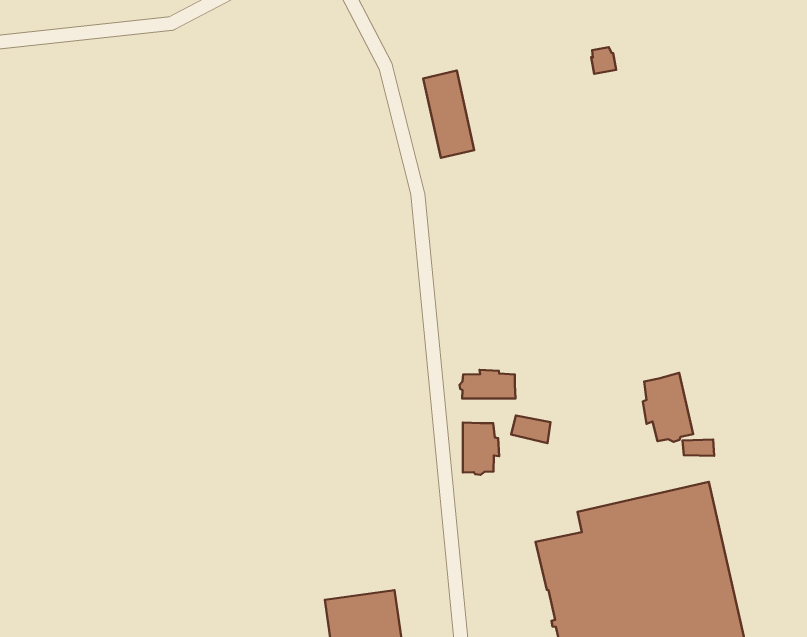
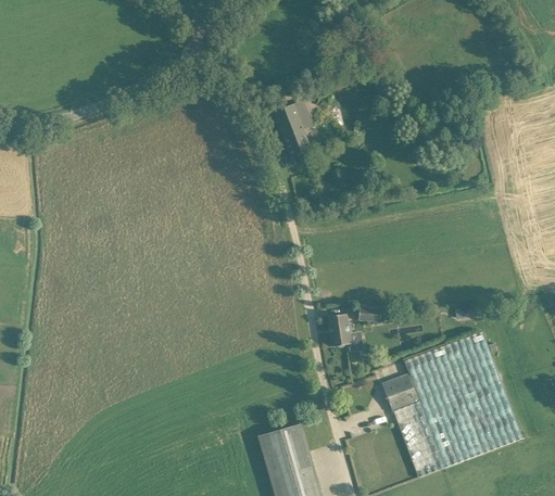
building: [459,370,516,398] -> none
building: [643,373,693,442] -> none

